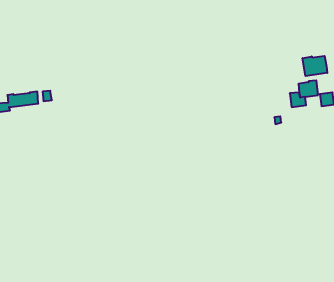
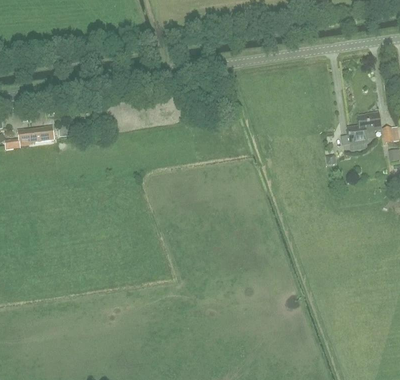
building: [303,56,327,76] -> none

